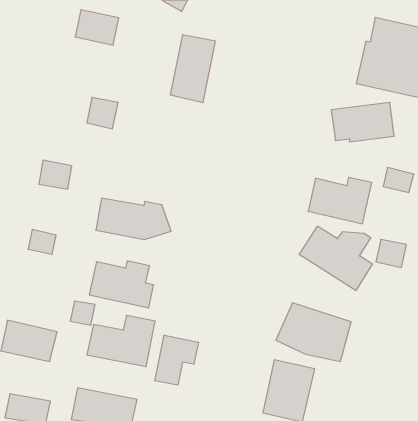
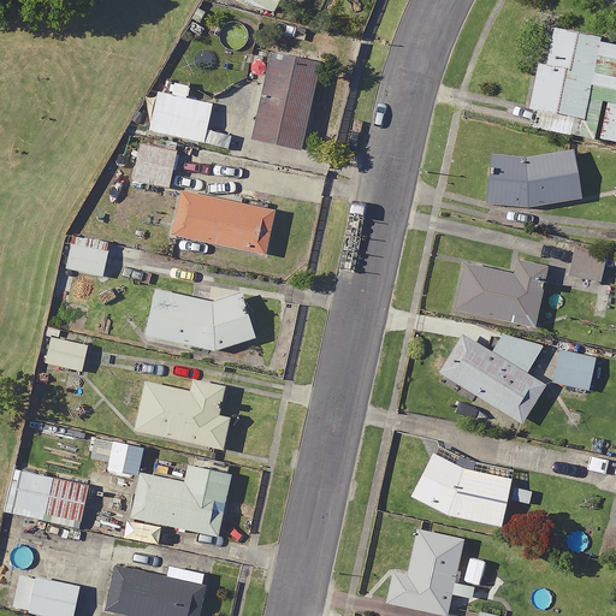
building: [75,10,119,45] -> [149,91,213,143]
building: none -> [171,191,274,255]
building: [155,335,198,385] -> none

